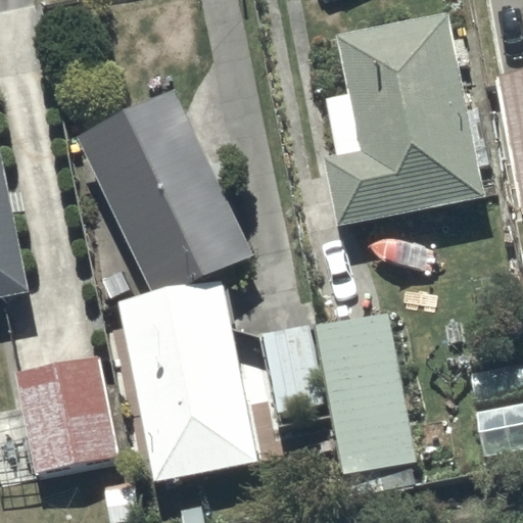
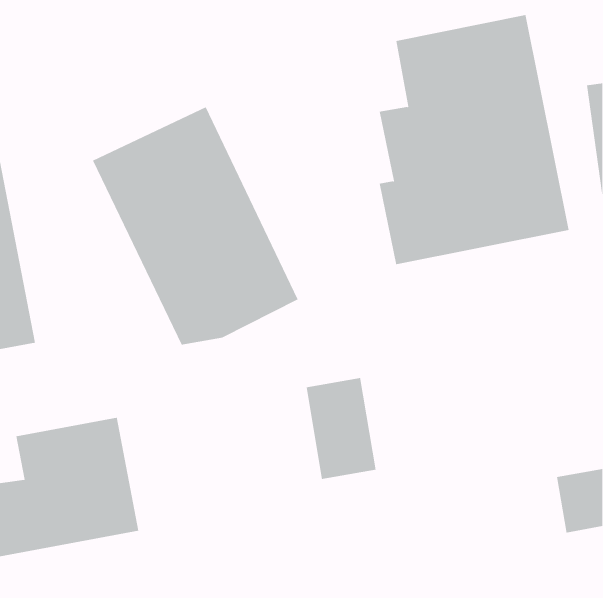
building: [99,283,257,482] -> none
building: [315,312,415,495] -> none

